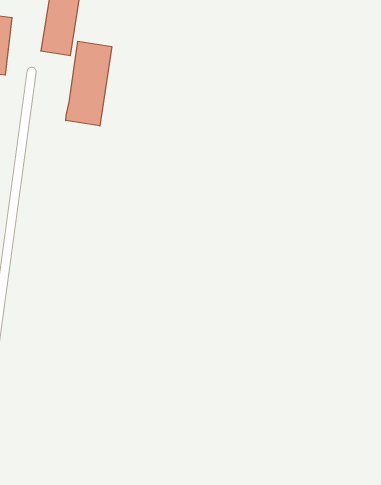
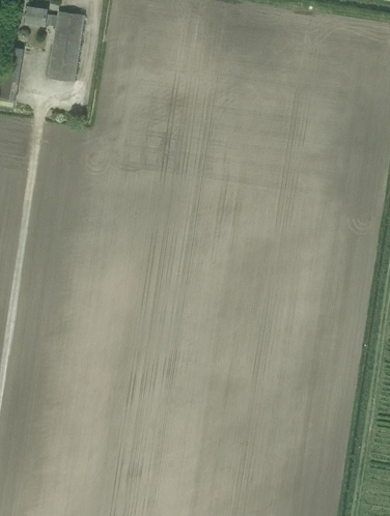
building: [66,41,112,126] -> none

